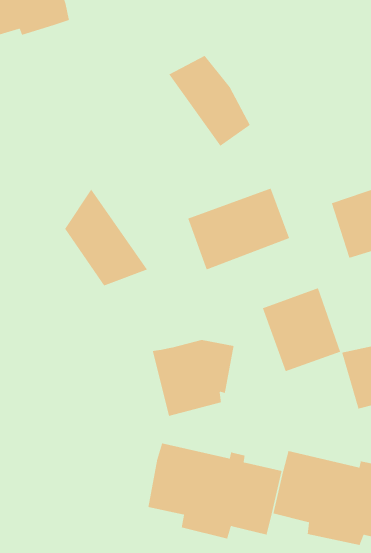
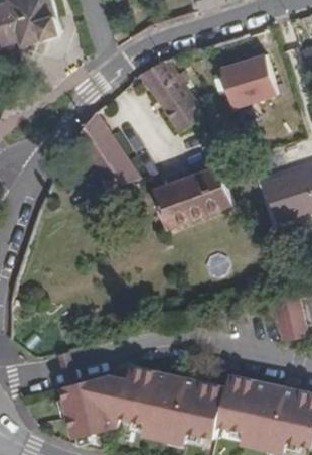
building: none -> [220,56,277,109]
building: [64,188,148,286] -> [73,114,140,192]
building: [262,287,341,372] -> none
building: [152,339,235,417] -> [62,375,128,437]

